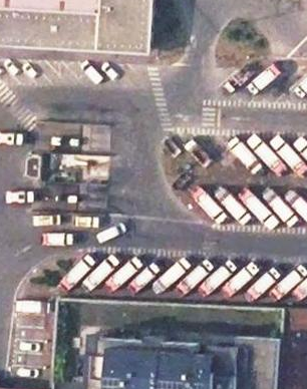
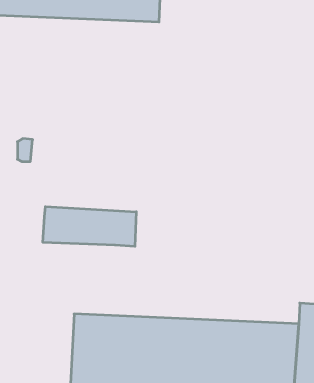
building: none -> [43,207,136,246]

